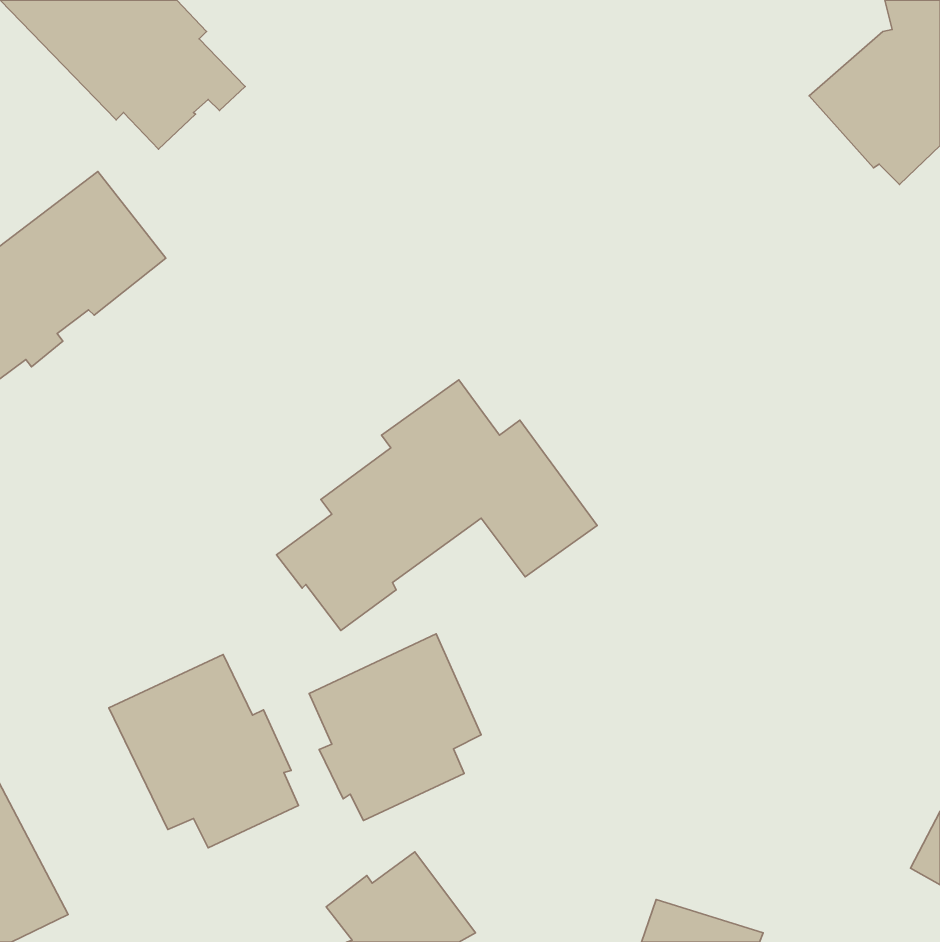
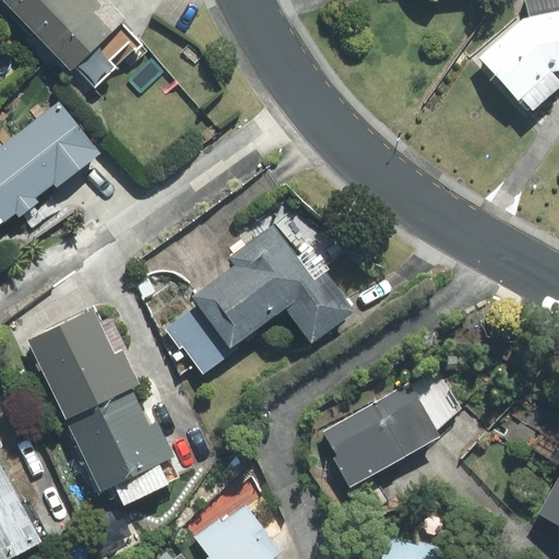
building: none -> [27,307,139,419]
building: none -> [322,369,460,487]
building: [309,634,481,821] -> none

